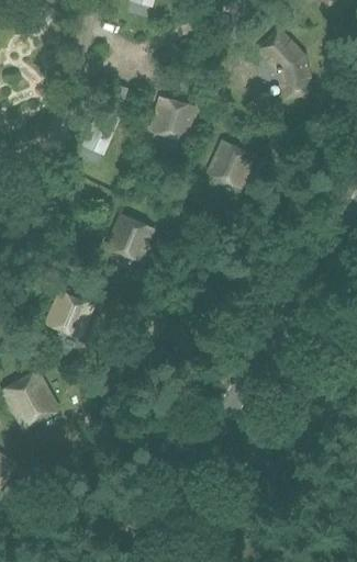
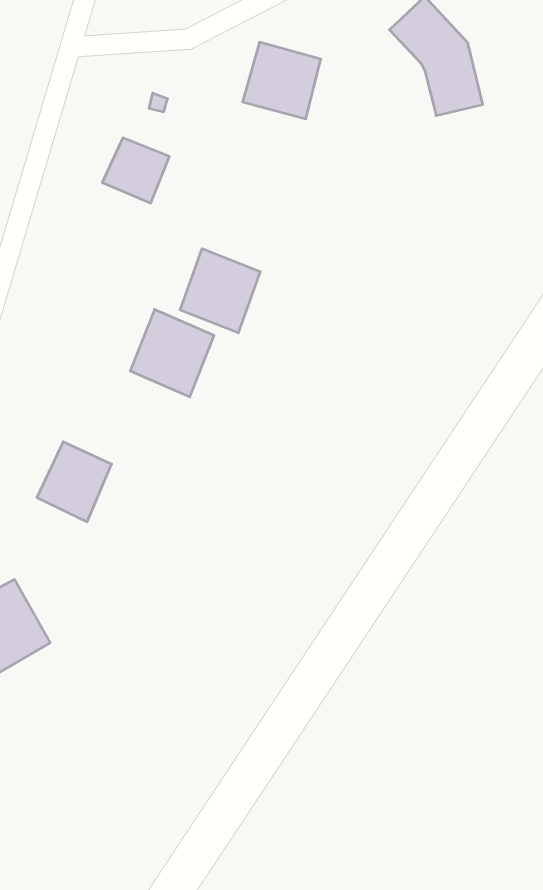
building: [148,95,194,140] -> [243,42,321,119]
building: [207,140,255,187] -> none
building: none -> [180,249,260,333]

